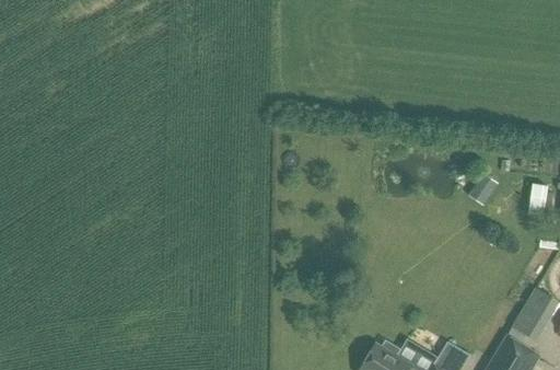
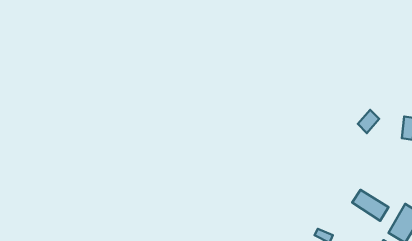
building: none -> [352,190,389,221]

